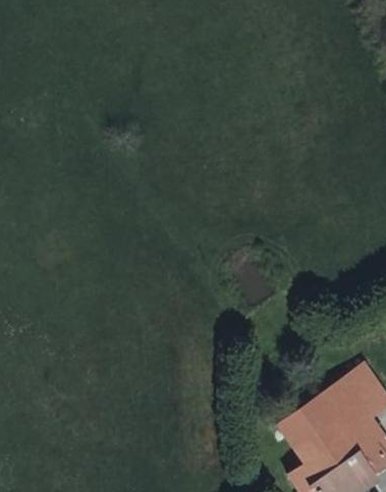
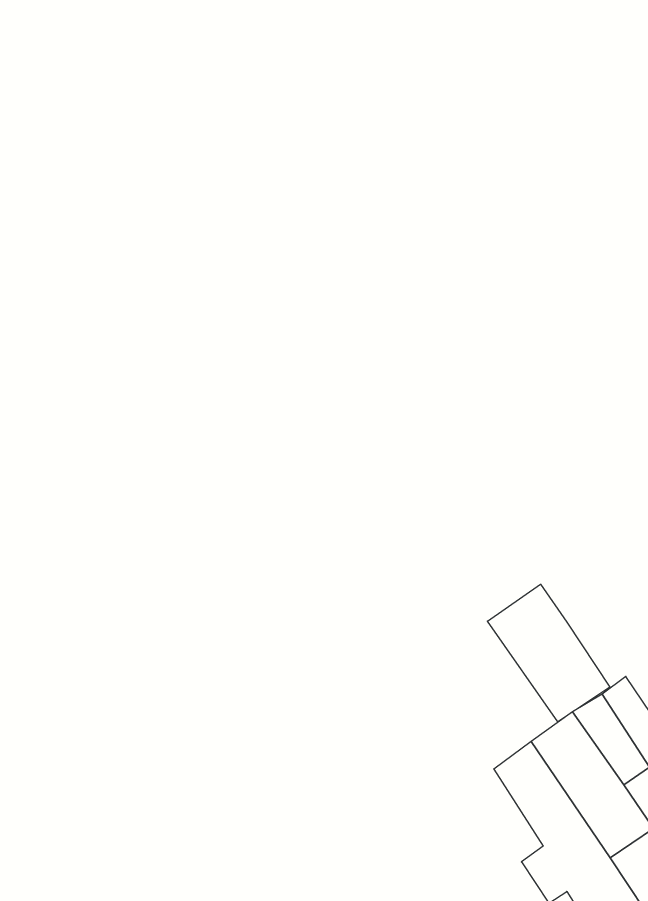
building: none -> [487,584,610,722]

